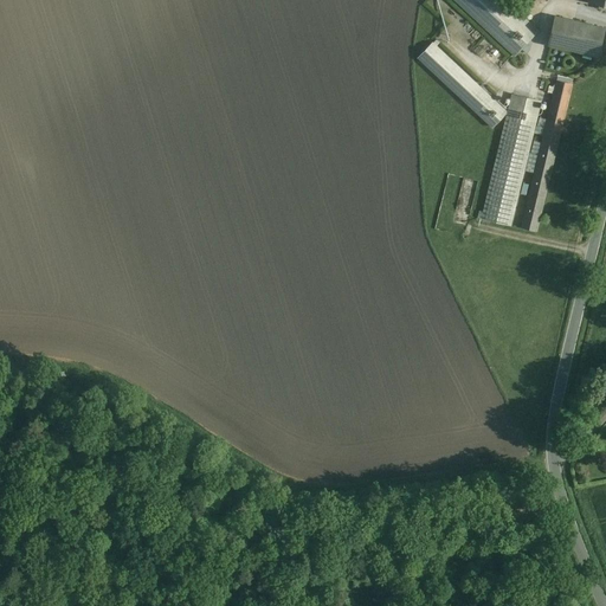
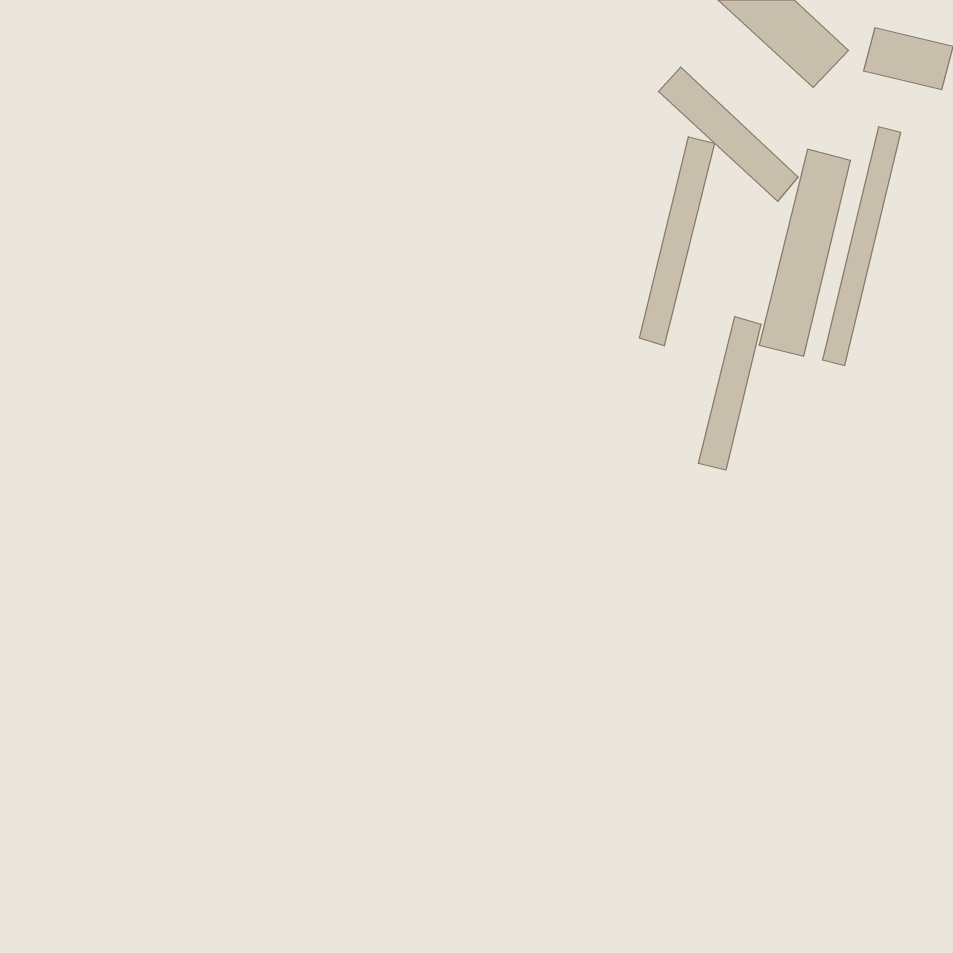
building: none -> [640,137,714,346]
building: none -> [698,316,761,470]

